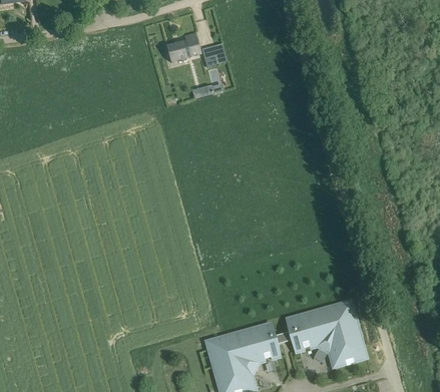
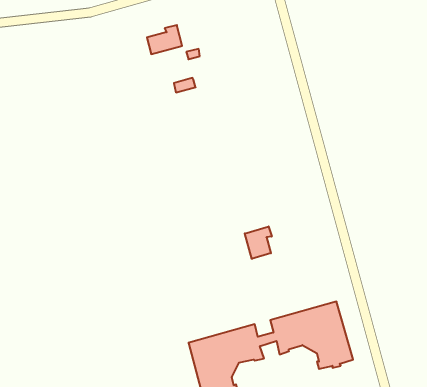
building: none -> [245,226,272,259]

